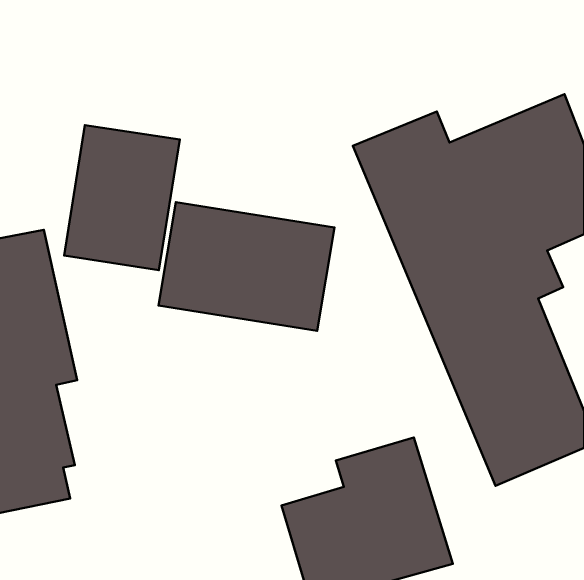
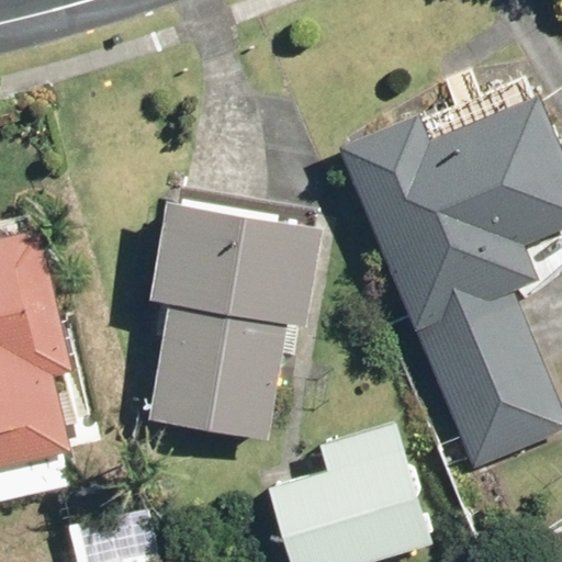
building: [64,125,180,270] -> none
building: none -> [149,313,285,439]

